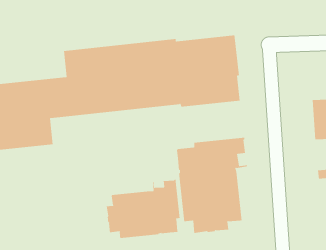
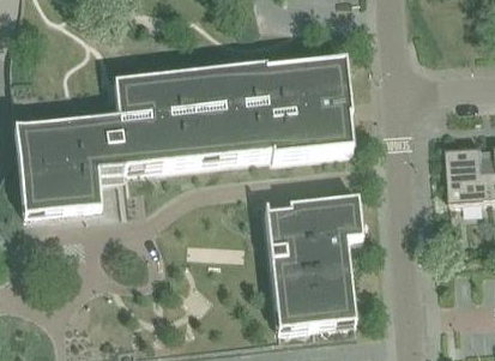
building: [106,179,182,239] -> none

